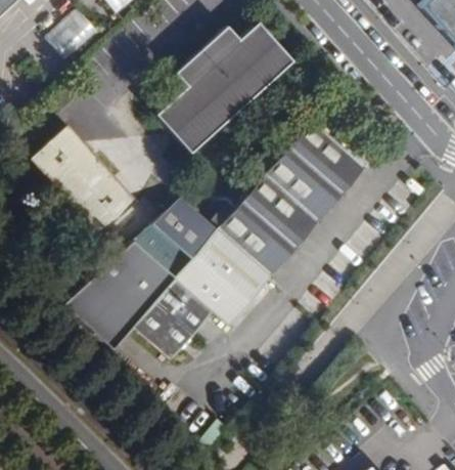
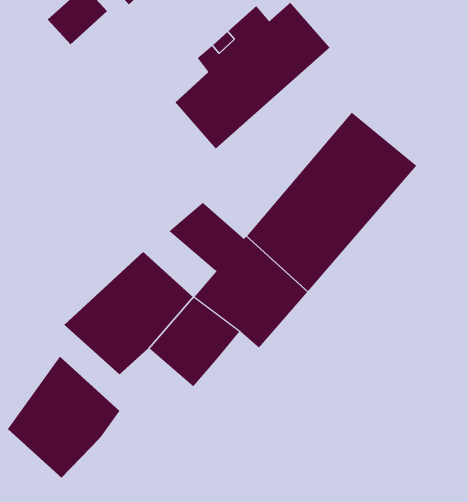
building: [31,124,136,233] -> none
building: [128,222,191,280] -> none
building: none -> [7,356,120,478]

